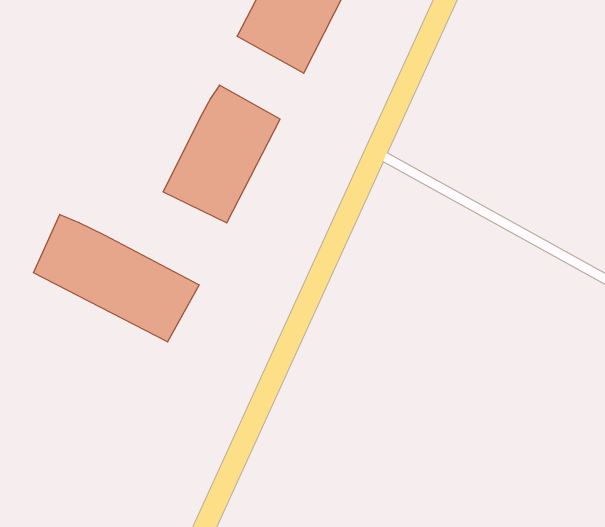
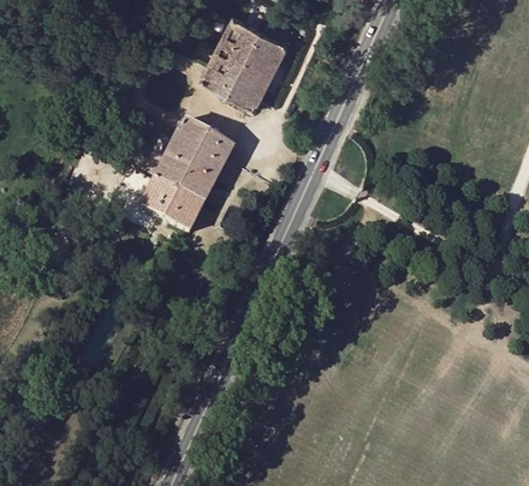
building: [33,214,199,342] -> none

